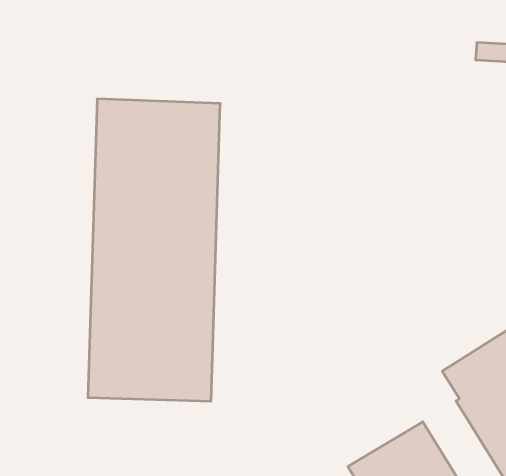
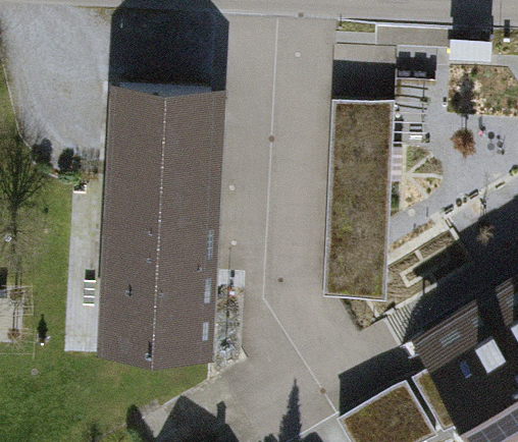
building: none -> [322,104,390,298]

